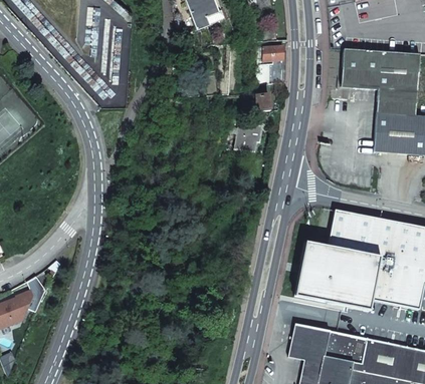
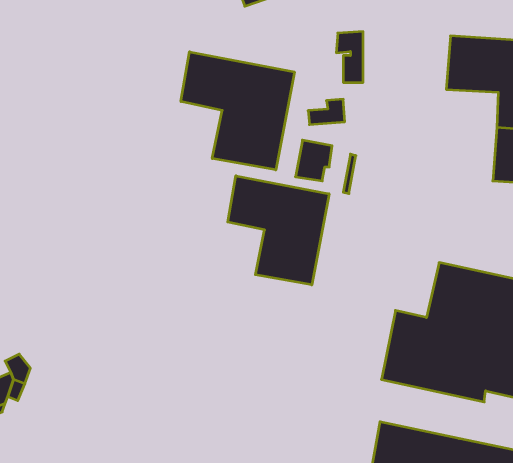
building: none -> [181,52,294,170]
building: none -> [228,176,329,285]

